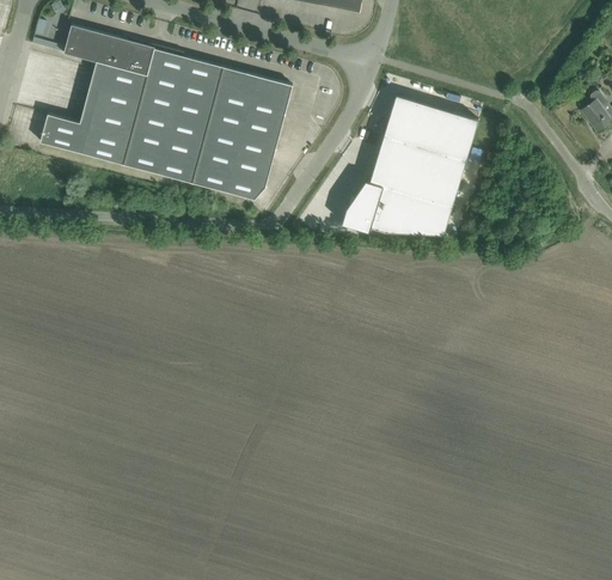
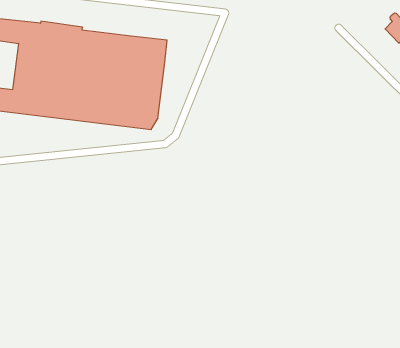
building: [341,94,477,234] -> none

